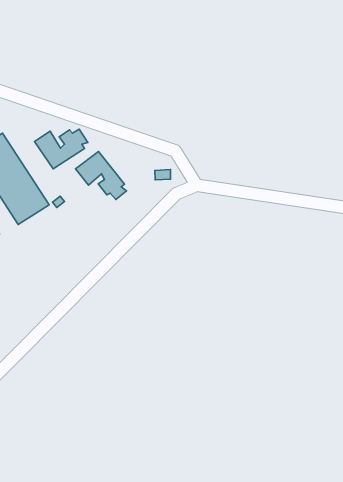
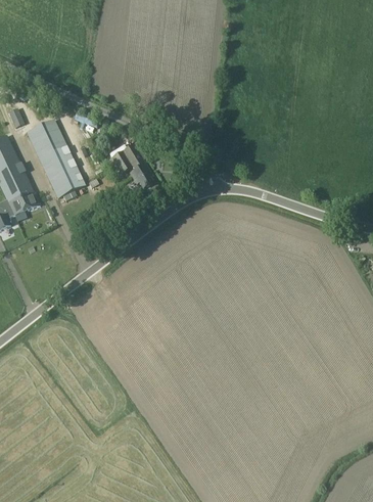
building: [35,129,88,169] -> none

